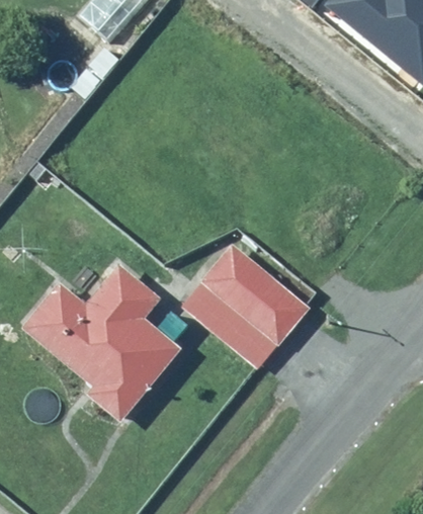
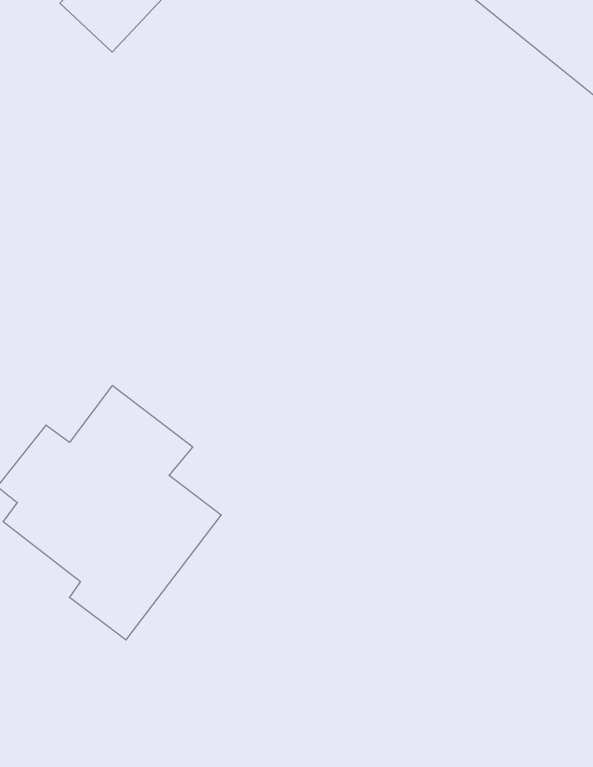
building: [177,243,308,364] -> none

